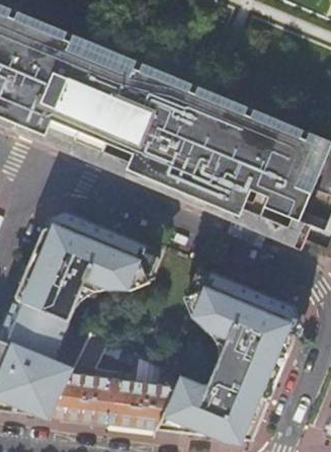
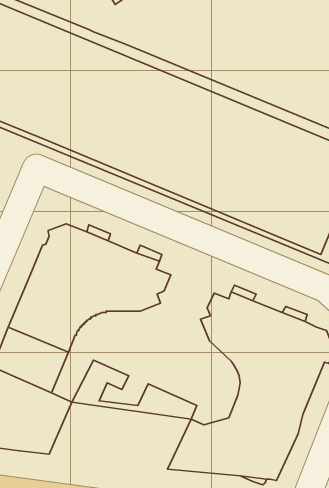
building: [48,370,174,430] -> none

